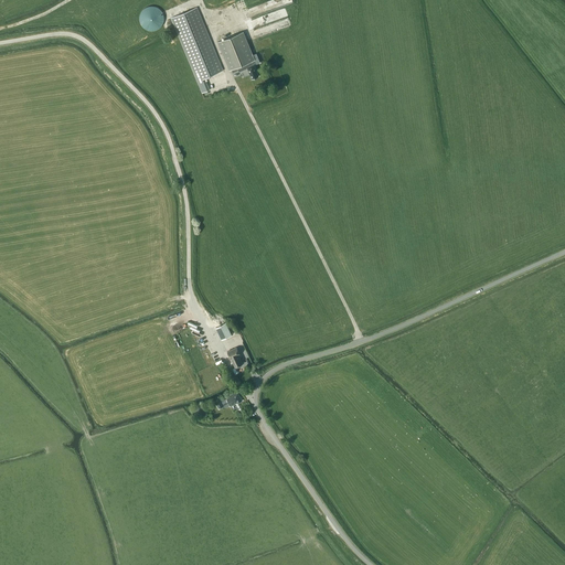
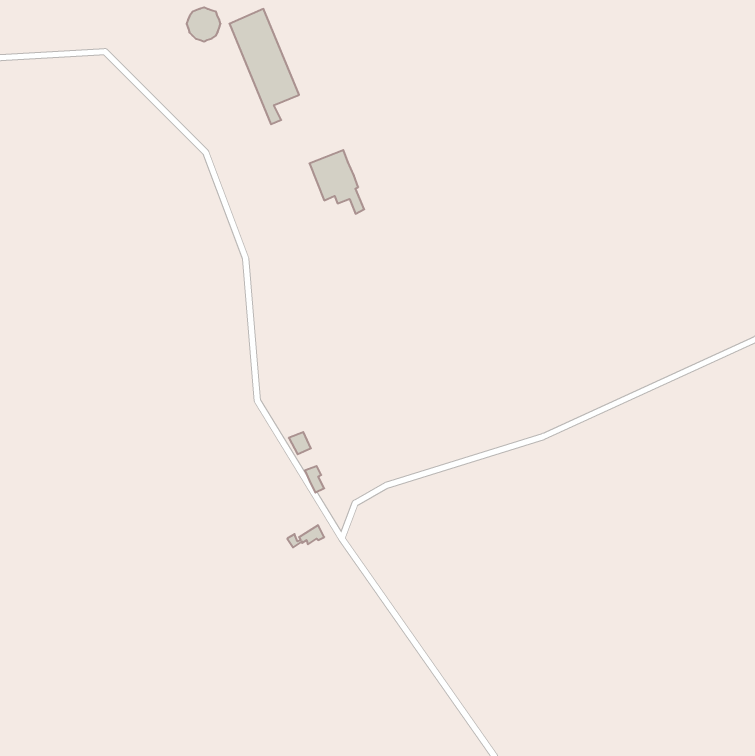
building: [218,32,259,79] -> [309,150,364,214]

